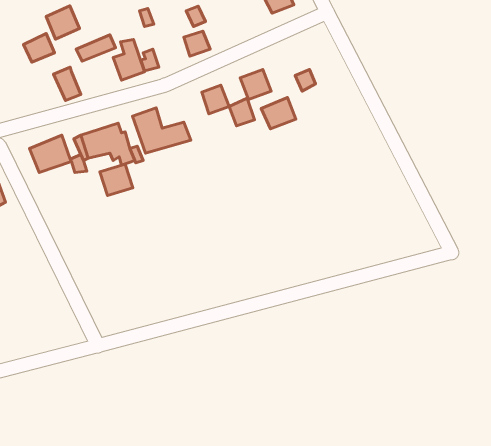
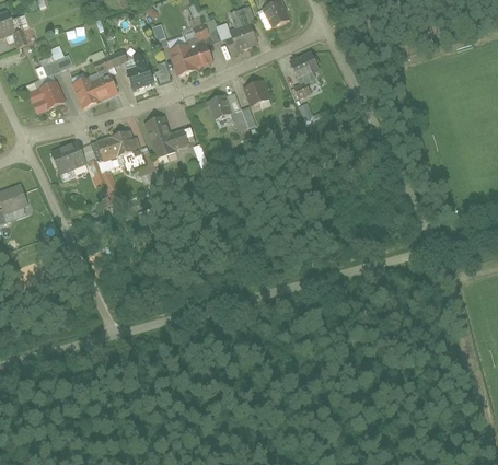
building: [46,6,80,39] -> [88,71,118,102]
building: none -> [223,21,259,55]
building: none -> [167,42,197,74]
building: none -> [28,80,66,114]
building: [261,98,296,129] -> [289,49,321,78]
building: [100,164,133,196] -> none

